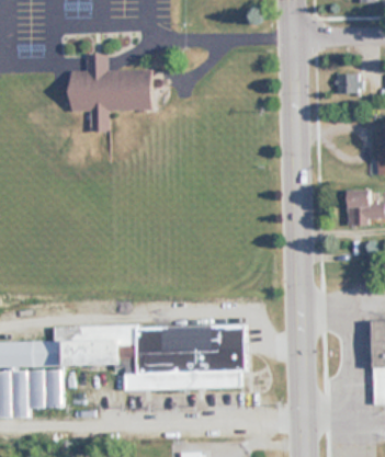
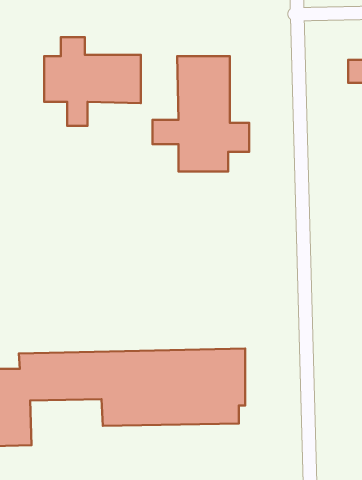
building: none -> [152,56,249,171]

